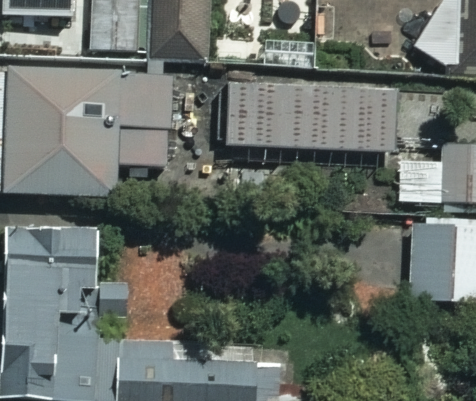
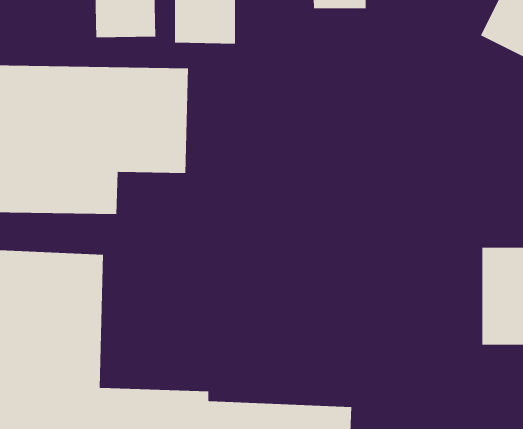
building: [230,84,398,150] -> none

